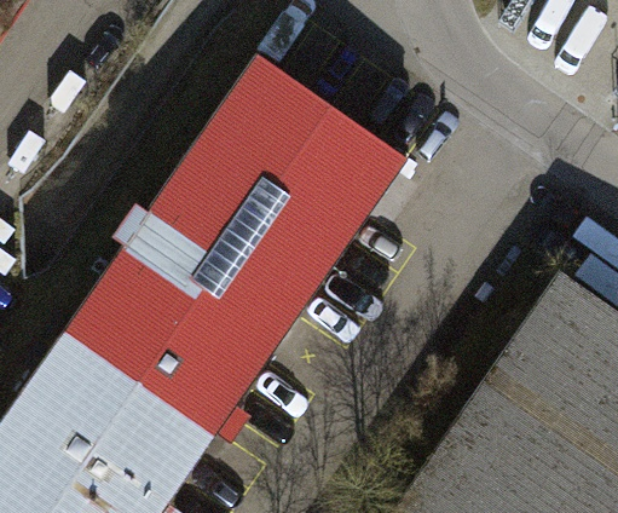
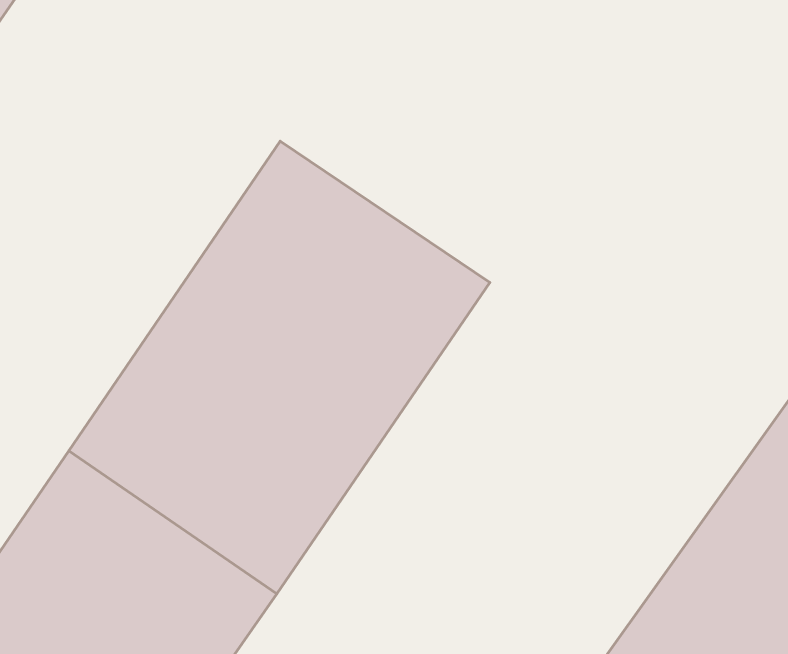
building: [220,52,409,208] -> none

